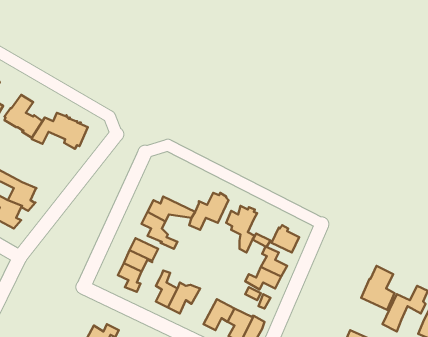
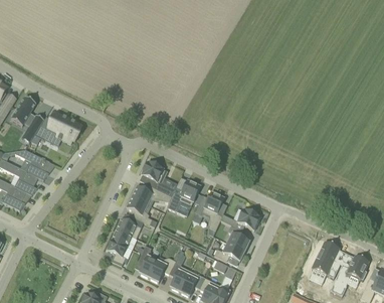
building: none -> [15,149,49,180]
building: none -> [142,160,175,196]
building: none -> [169,250,190,291]

